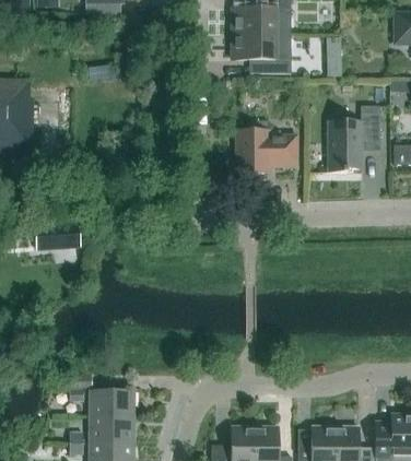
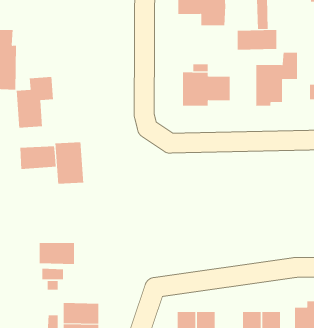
building: none -> [237,29,277,51]
building: none -> [16,76,54,128]
building: none -> [55,142,84,185]
building: [89,390,133,417] -> [39,242,75,264]

